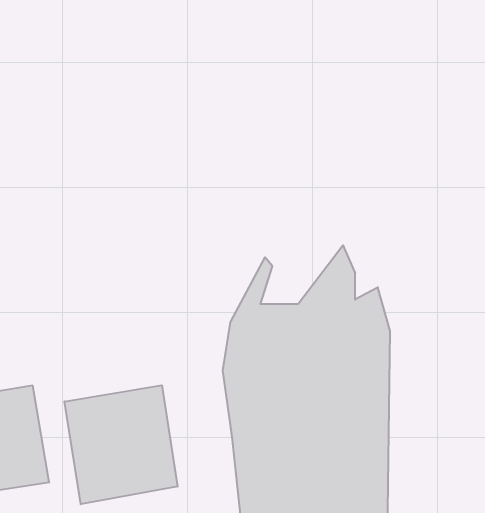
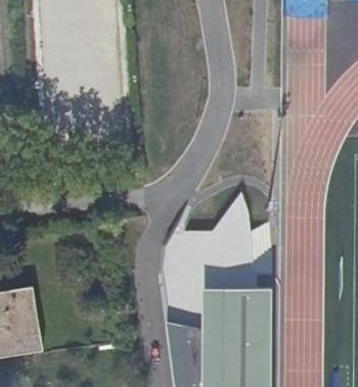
building: [64,385,178,504] -> none

